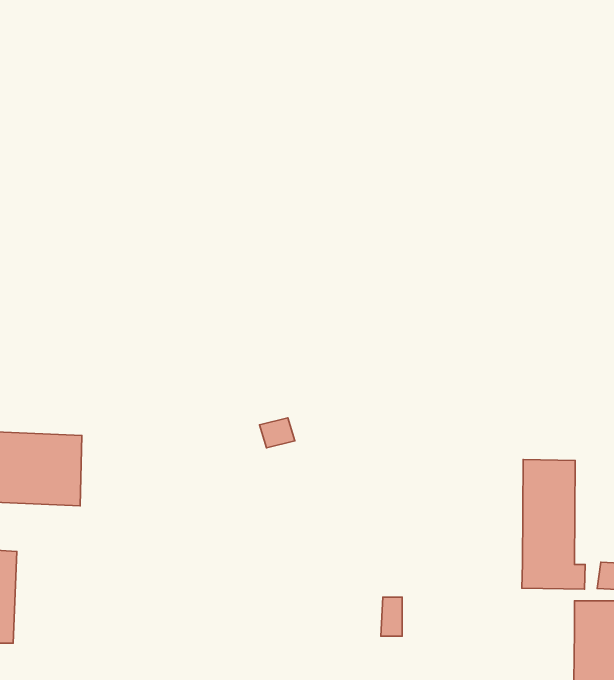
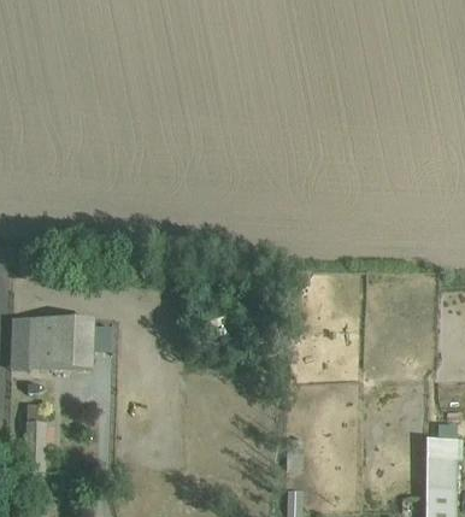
building: [522,459,585,589] -> none

